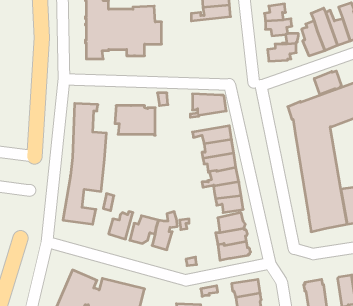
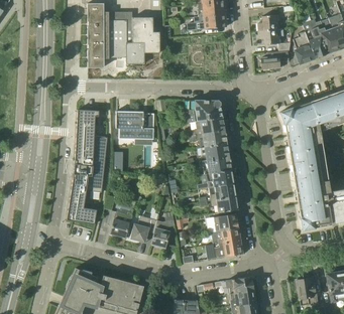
building: [314,71,342,94] -> none
building: none -> [189,116,225,136]

